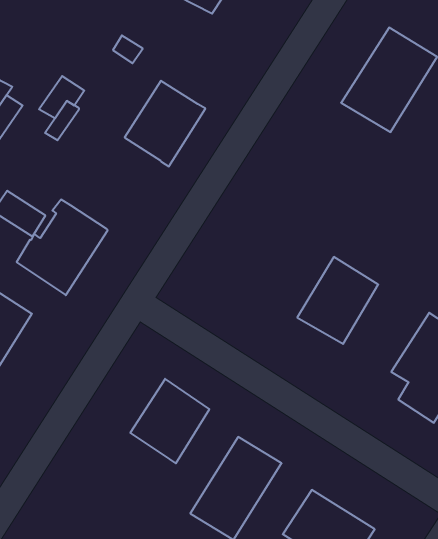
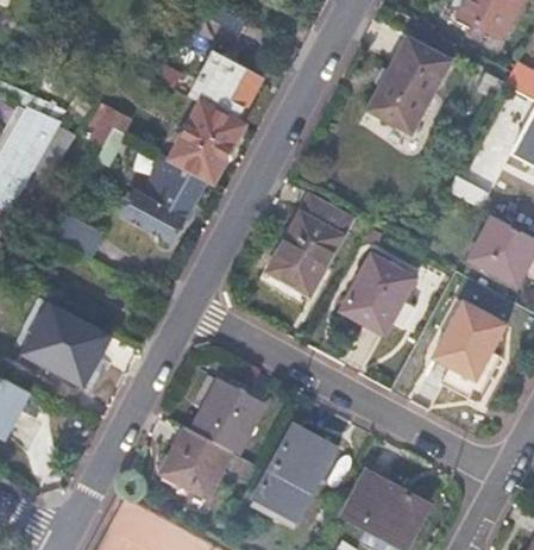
building: none -> [188,54,258,121]
building: none -> [263,194,356,307]
building: [17,200,108,295] -> [122,152,205,240]
building: none -> [159,426,232,498]

